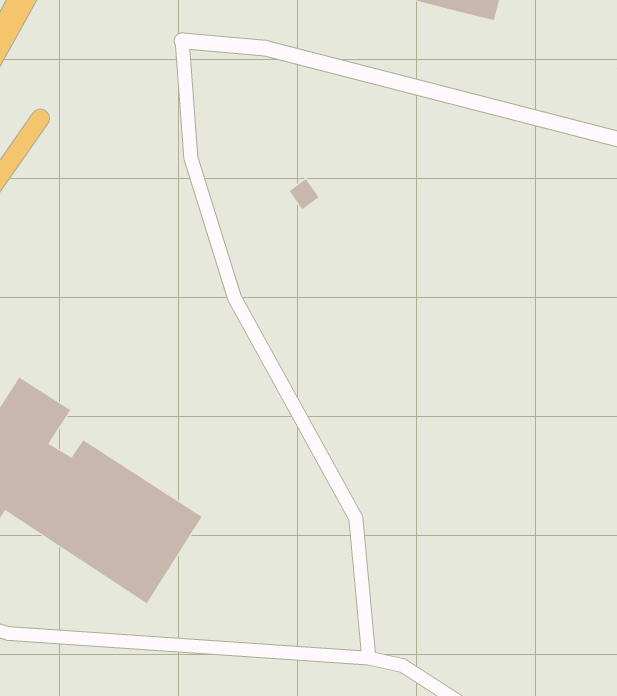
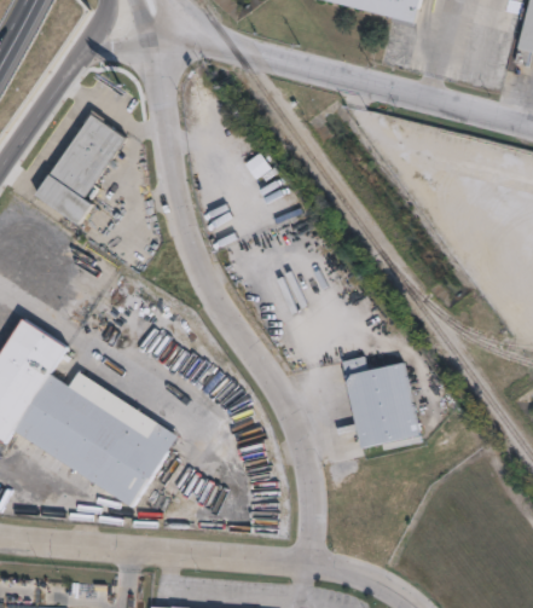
building: none -> [34,114,124,225]
building: none -> [338,357,419,450]

